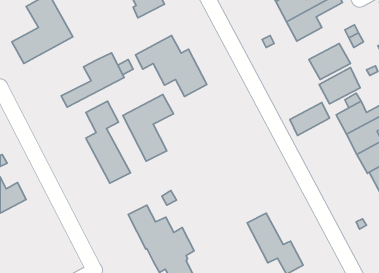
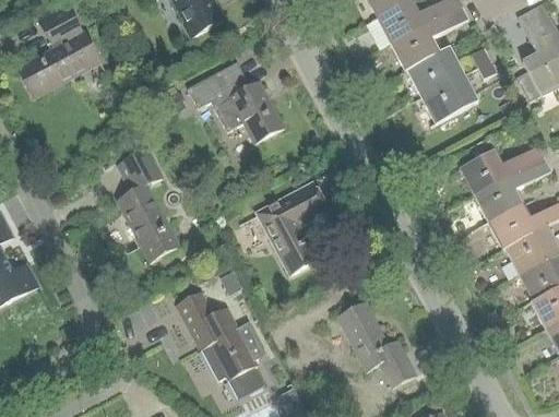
building: [61,53,124,107] -> none
building: [319,68,360,104] -> [407,45,463,94]
building: [123,94,173,161] -> [259,184,328,275]
building: [290,102,329,135] -> none

